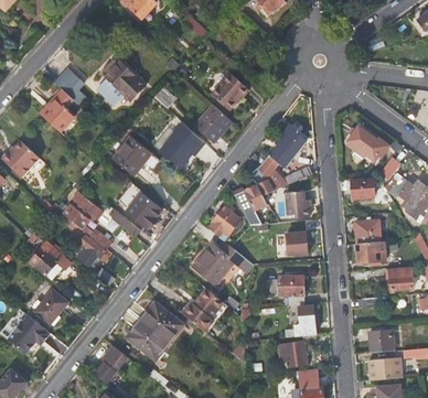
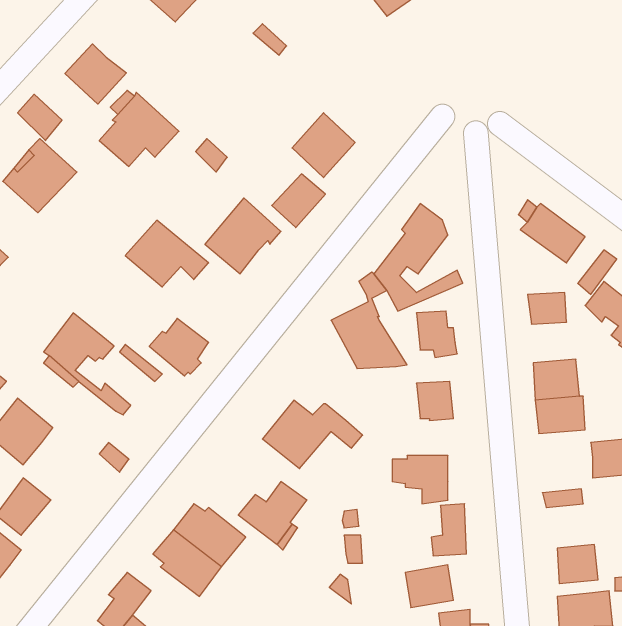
building: none -> [65,44,126,104]
building: [207,206,240,239] -> none
building: [74,235,105,266] -> none

